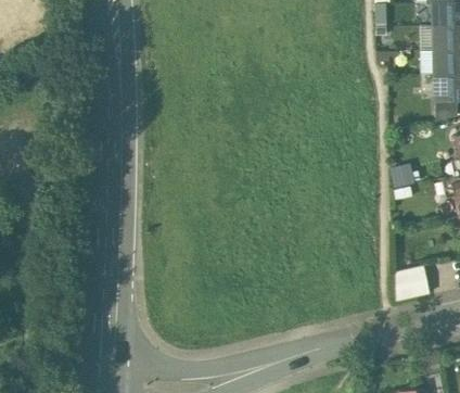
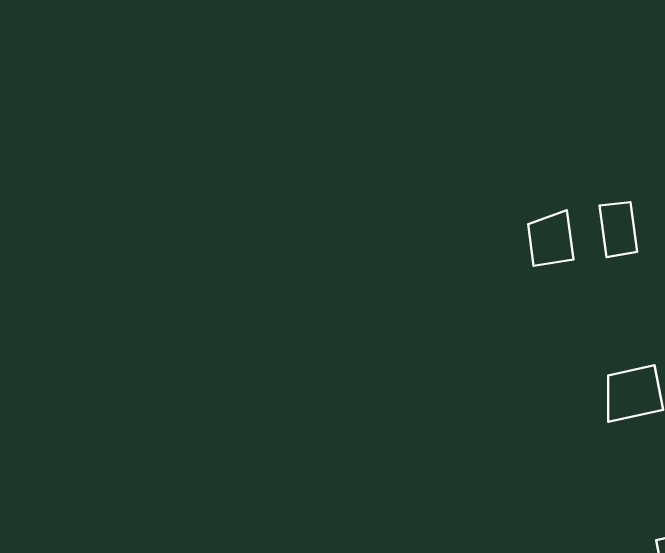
building: none -> [528,210,573,266]

